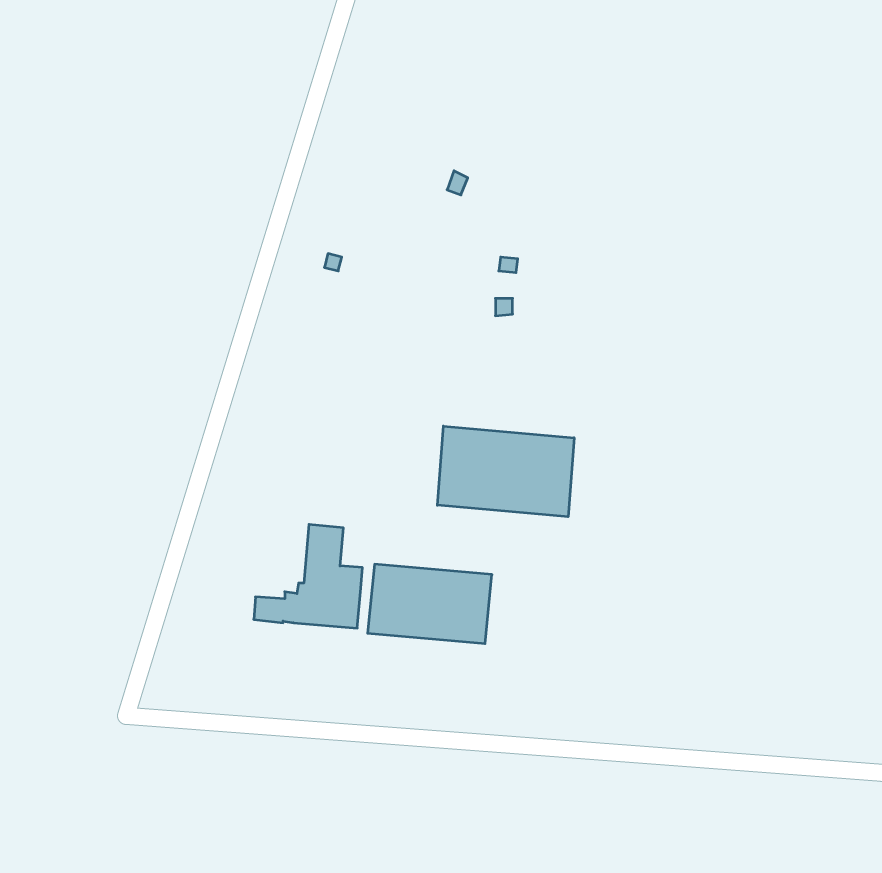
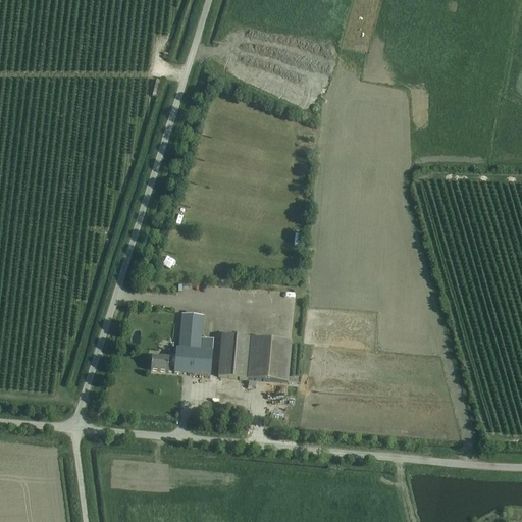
building: [437,426,574,517] -> none

